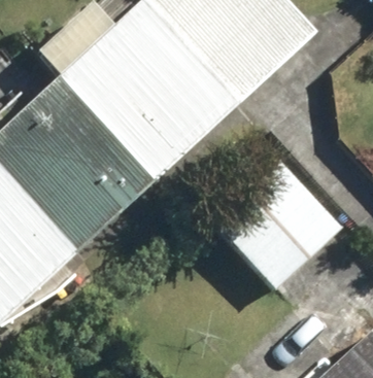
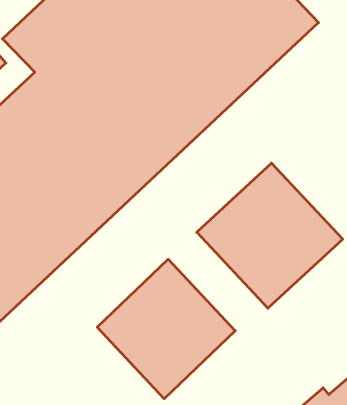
building: none -> [97,259,235,399]

